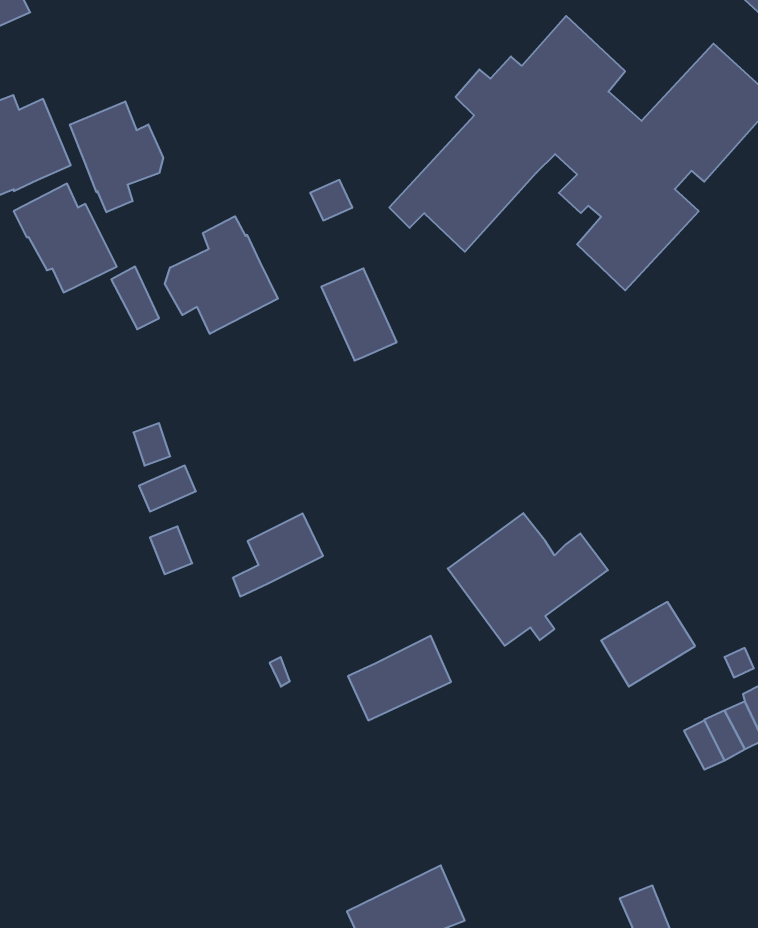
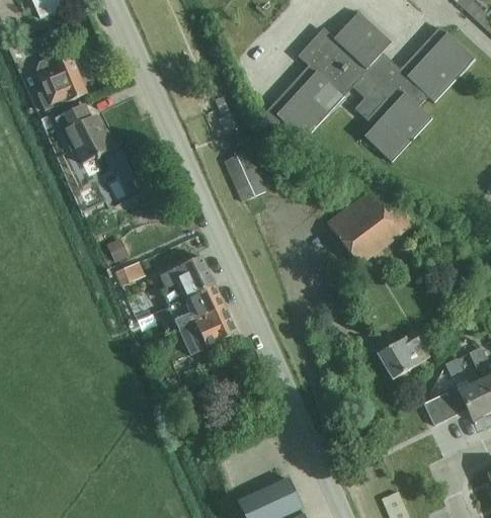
building: [70,101,163,212] -> none
building: [165,216,278,334] -> none
building: none -> [158,256,213,299]
building: [448,513,608,646] -> [326,192,414,265]
building: [348,636,451,720] -> [178,308,235,354]

